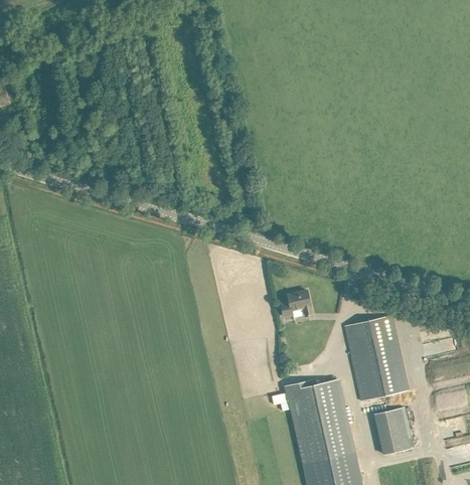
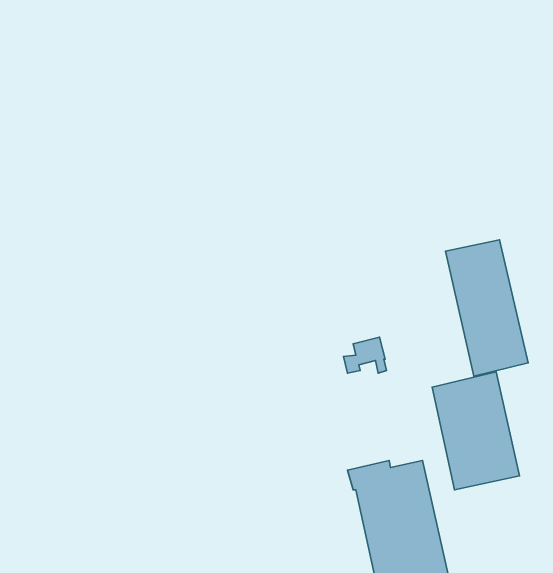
building: none -> [446,240,528,376]
building: [373,408,413,454] -> none

